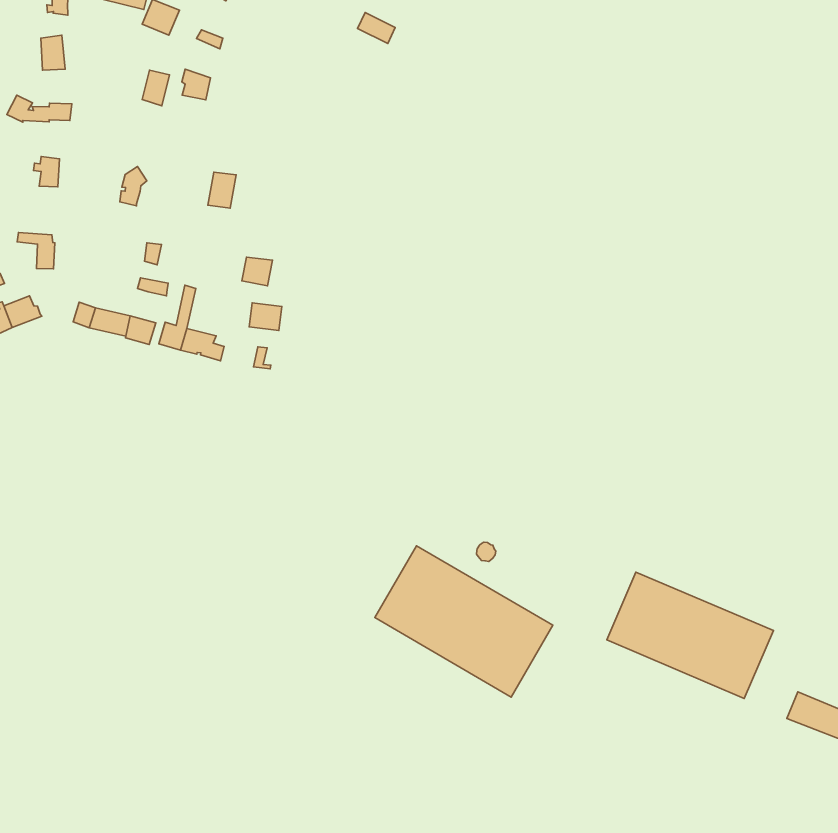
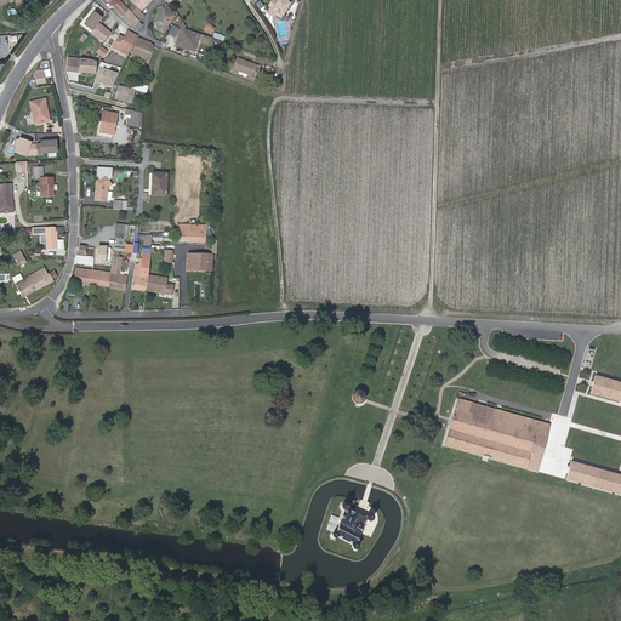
building: [375,546,553,697] -> none
building: none -> [332,502,372,548]

